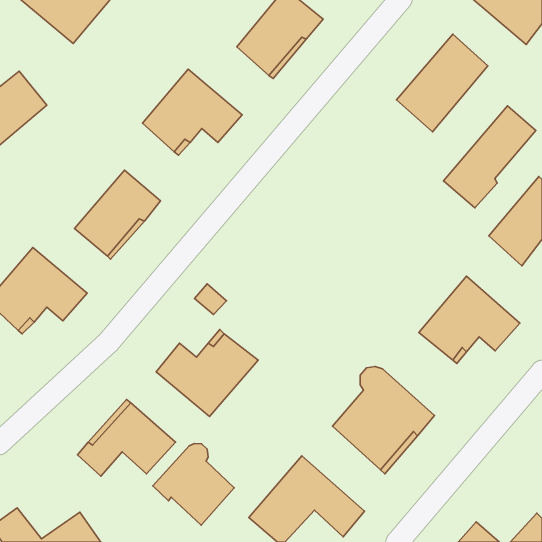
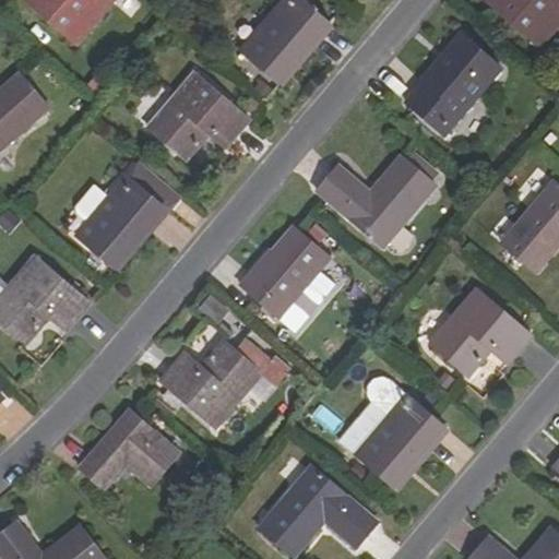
building: [443,106,536,208] -> none
building: none -> [317,156,433,247]
building: none -> [240,228,331,333]
building: [153,444,234,525] -> none

